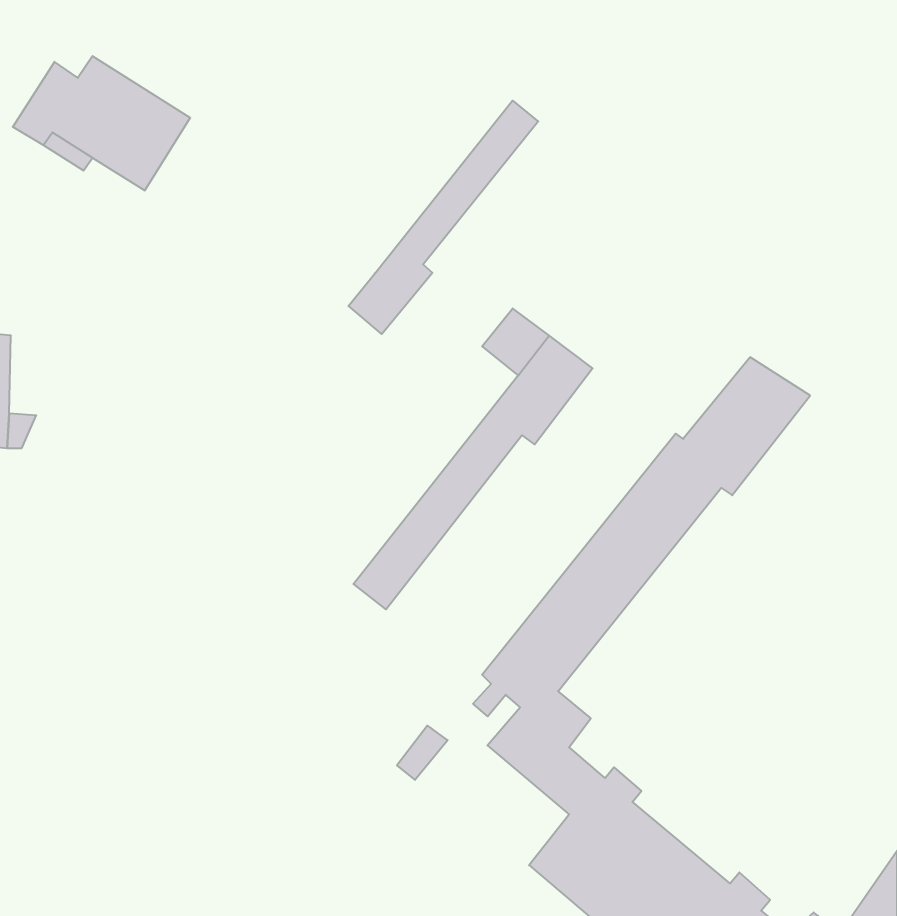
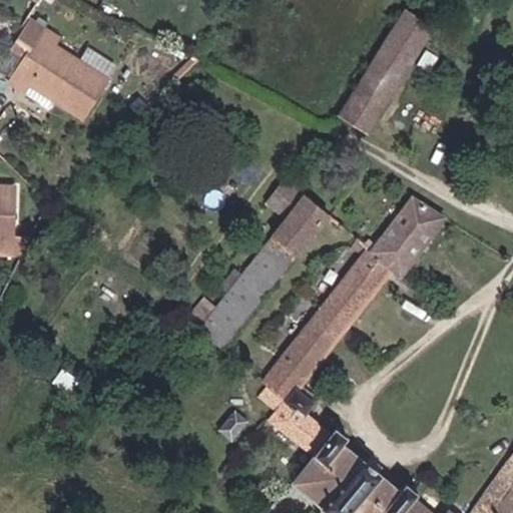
building: none -> [336,13,433,137]
building: [348,101,538,334] -> none

